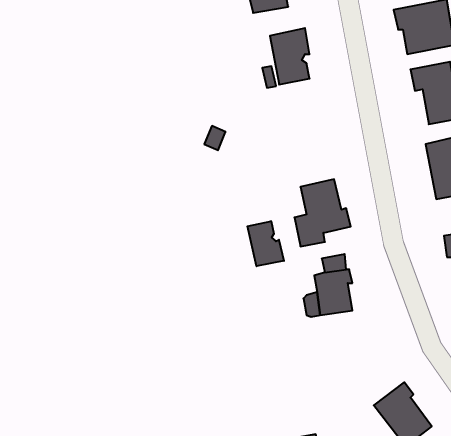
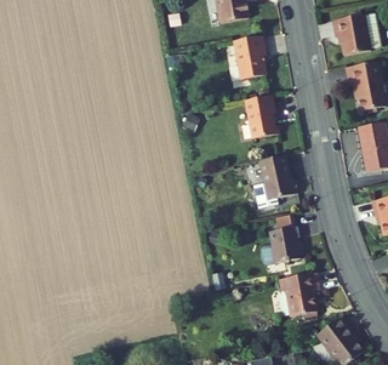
building: none -> [244,95,278,138]
building: [247,221,284,266] -> none
building: none -> [279,272,319,315]

